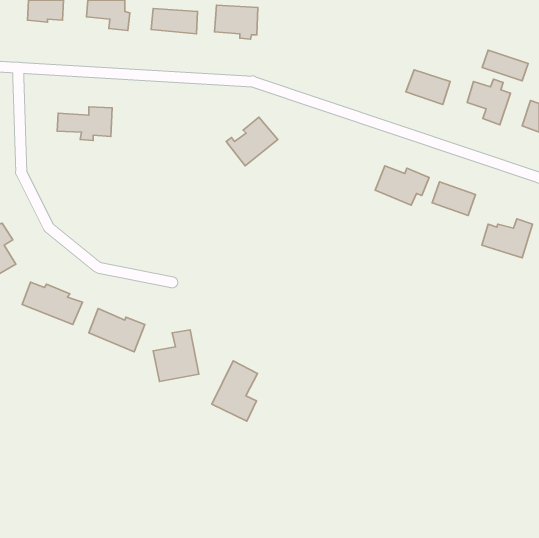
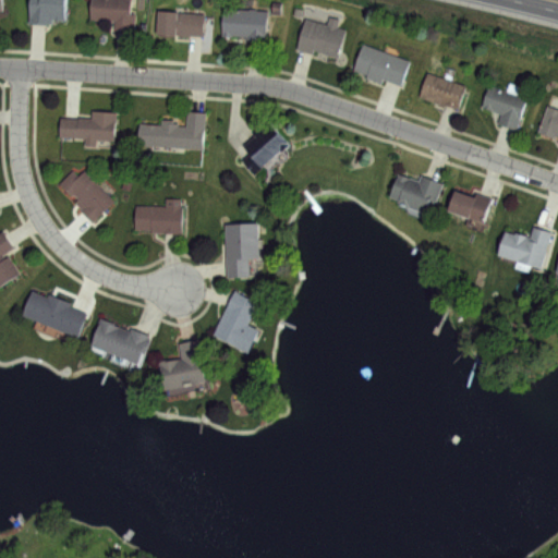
building: none -> [296,19,344,59]
building: none -> [352,44,411,86]
building: [482,50,528,81] -> none
building: none -> [136,112,204,151]
building: none -> [59,171,113,225]
building: none -> [133,198,181,233]
building: none -> [223,222,258,278]
building: [212,361,257,421] -> [211,291,258,353]

